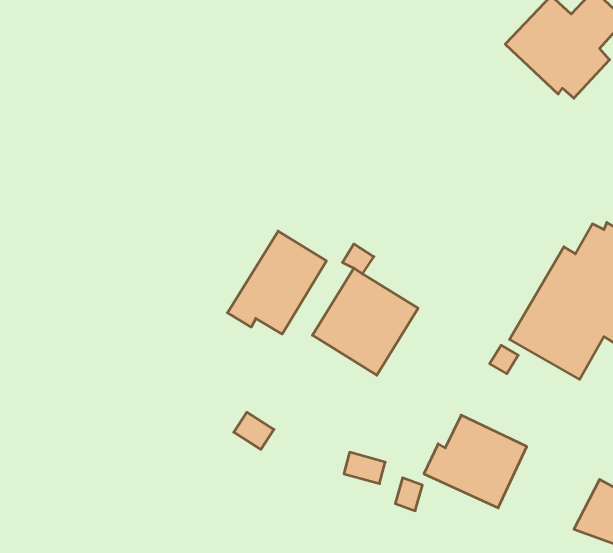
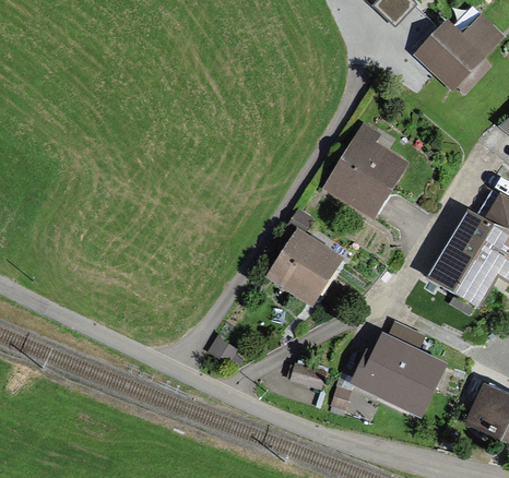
building: none -> [319,119,407,217]
building: [227,231,326,334] -> none

